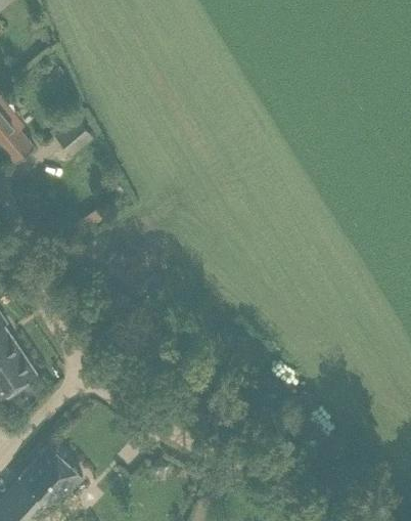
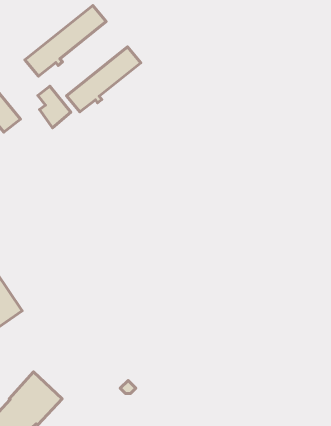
building: none -> [25,5,106,76]
building: none -> [66,47,141,112]

